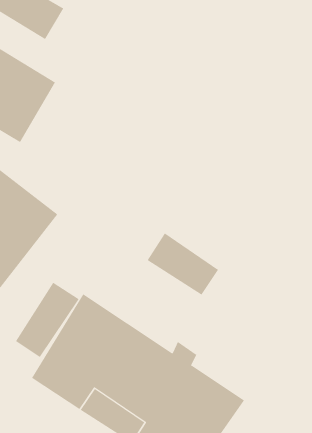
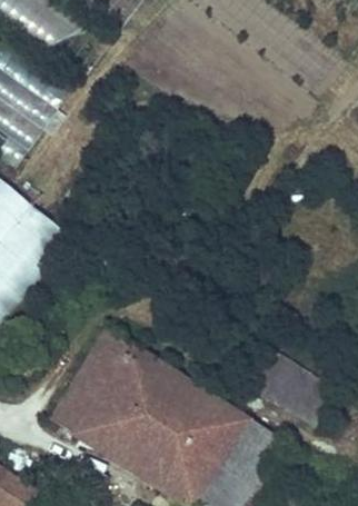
building: [147,233,219,296] -> none
building: [15,282,80,358] -> none

